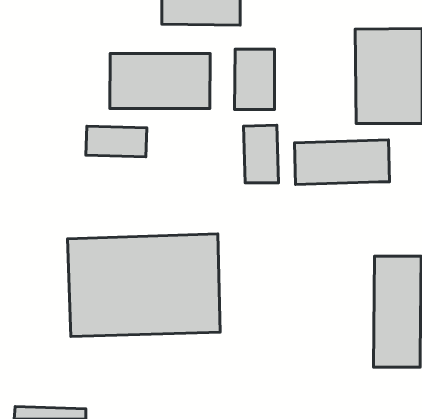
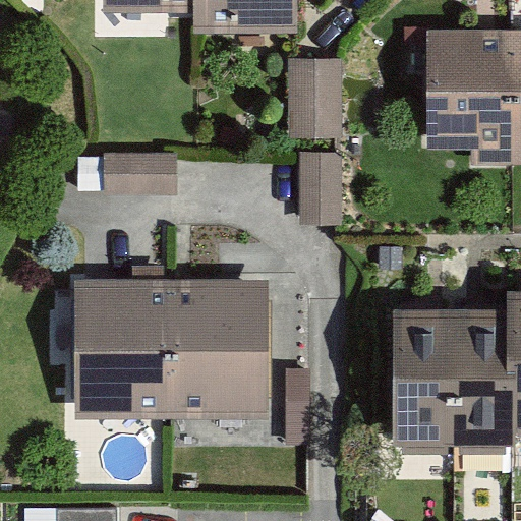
building: [110,54,210,109] -> none
building: [294,140,389,184] -> none
building: none -> [400,312,457,448]

